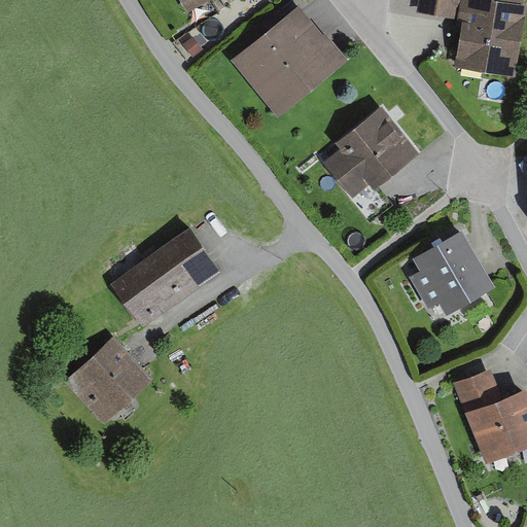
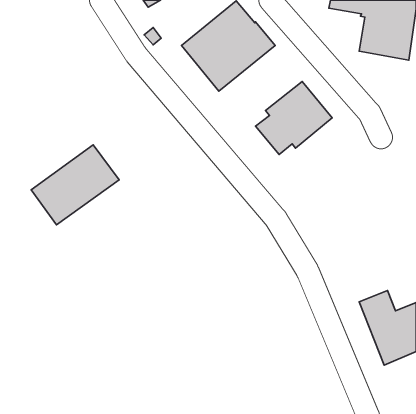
building: [112,226,223,327] -> [31,145,119,225]
building: [409,230,493,313] -> none
building: [65,337,153,425] -> none

